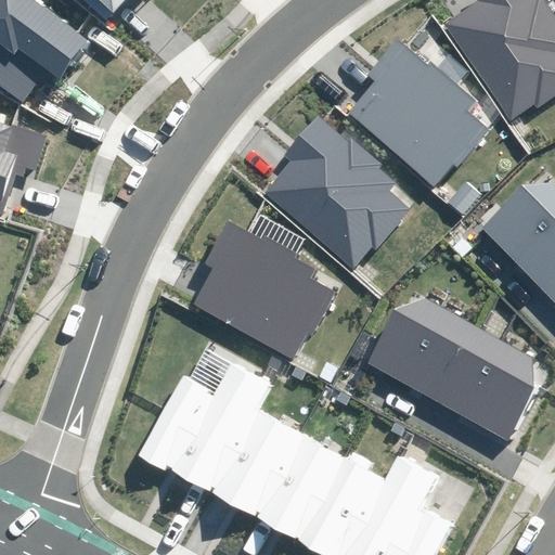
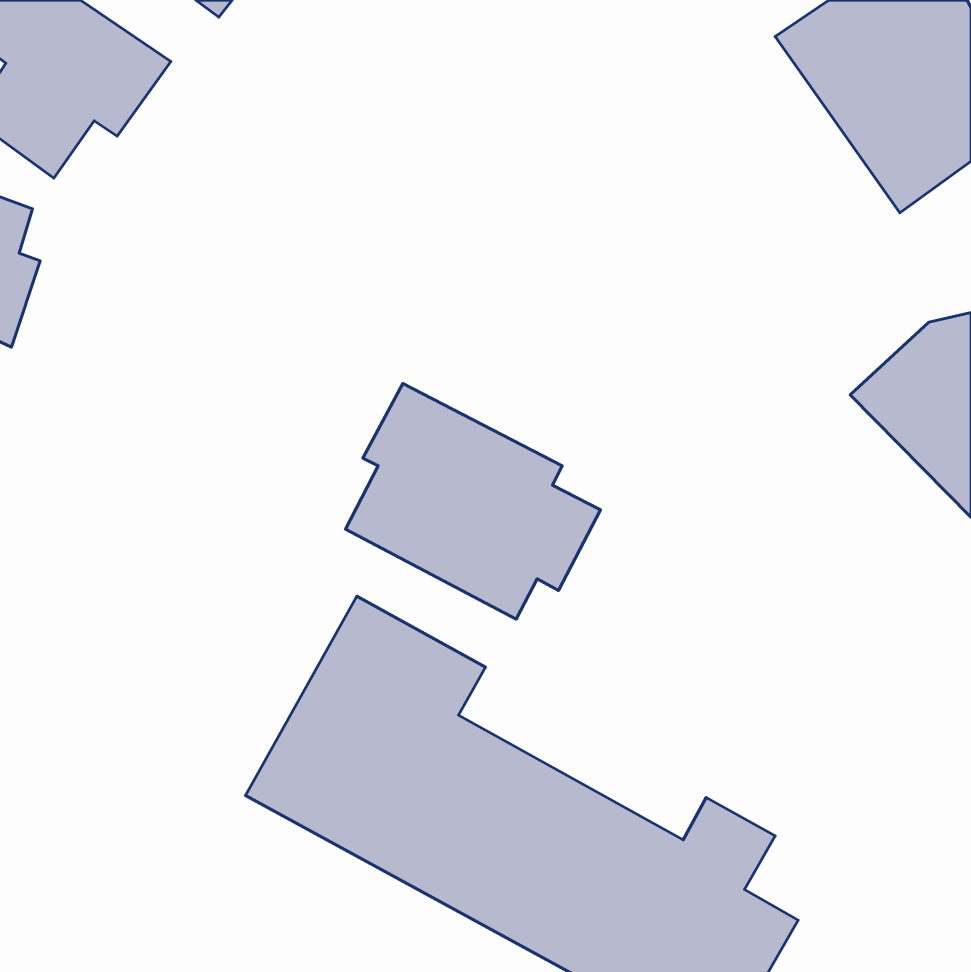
building: [347,35,488,188] -> none
building: [261,114,409,271] -> none
building: [366,298,539,441] -> none

